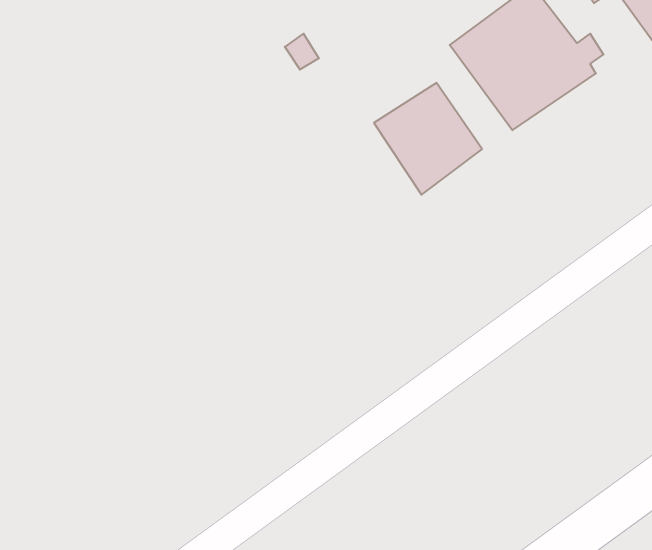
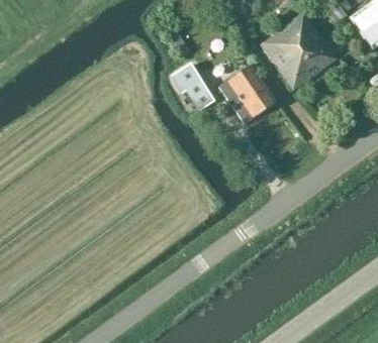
building: none -> [173,65,213,110]

